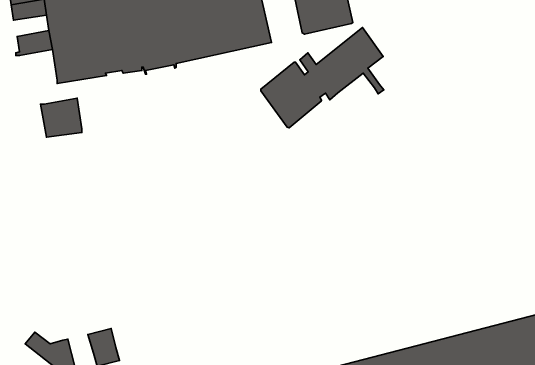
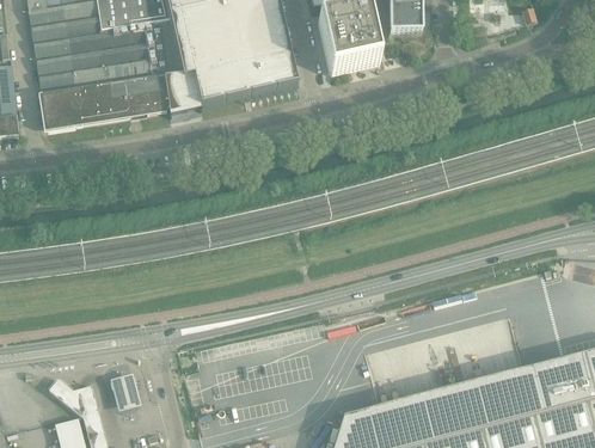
building: none -> [36,56,72,78]
building: [261,27,384,128] -> none
building: [41,98,82,137] -> [38,91,80,130]

